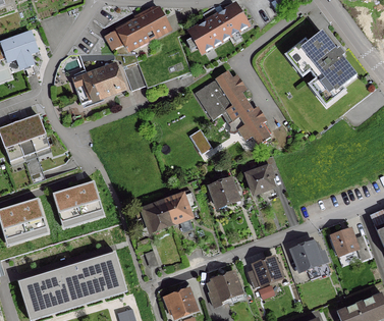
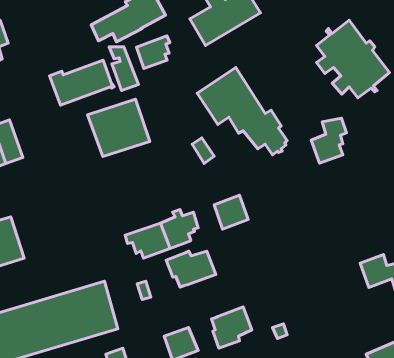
building: none -> [137,36,170,68]
building: none -> [87,99,150,157]
building: [246,156,276,194] -> [311,118,346,163]
building: [52,179,106,227] -> none
building: none -> [166,251,216,287]
building: [291,242,326,270] -> none
building: [248,257,281,287] -> none

